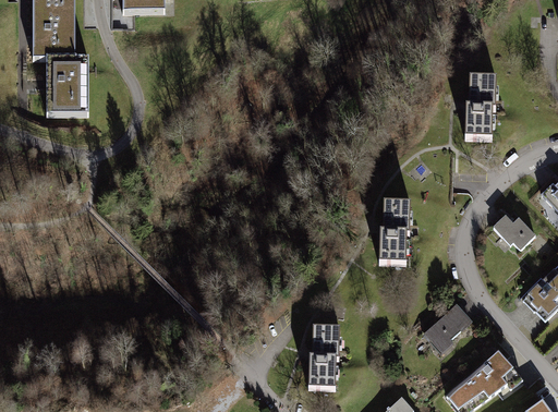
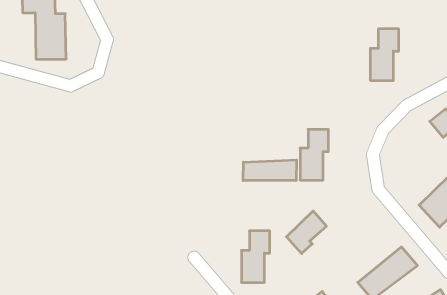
building: [496,218,538,252] -> none
building: none -> [243,160,297,181]
building: [424,305,473,358] -> [286,211,326,254]

